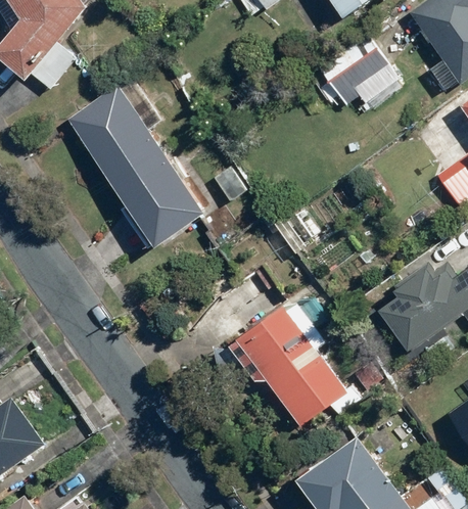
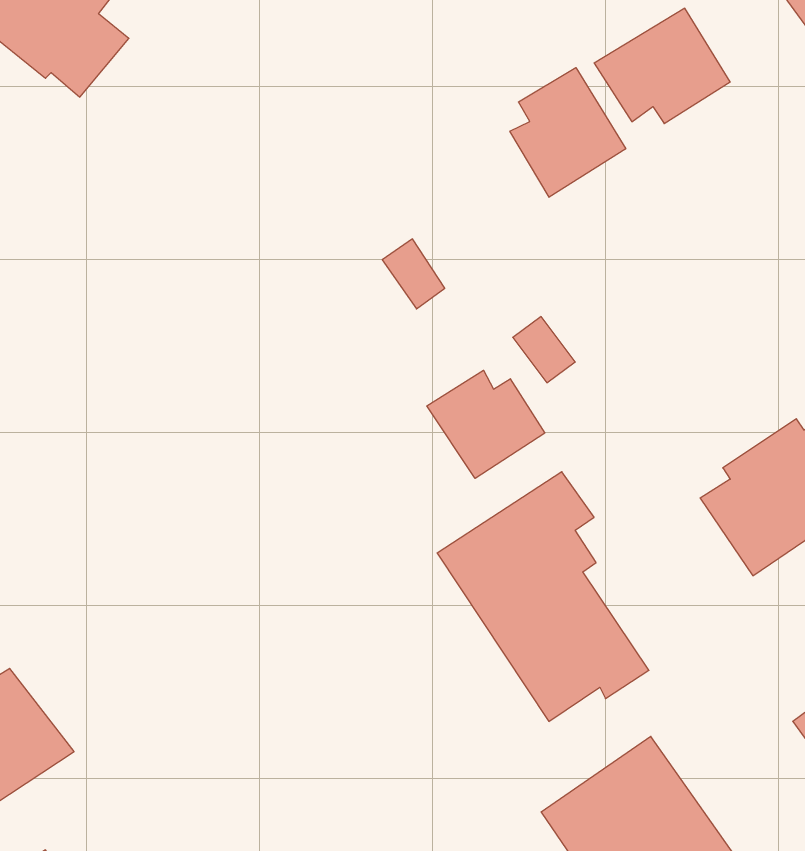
building: [64,74,207,249] -> none
building: none -> [510,68,626,197]
building: none -> [427,370,545,478]

